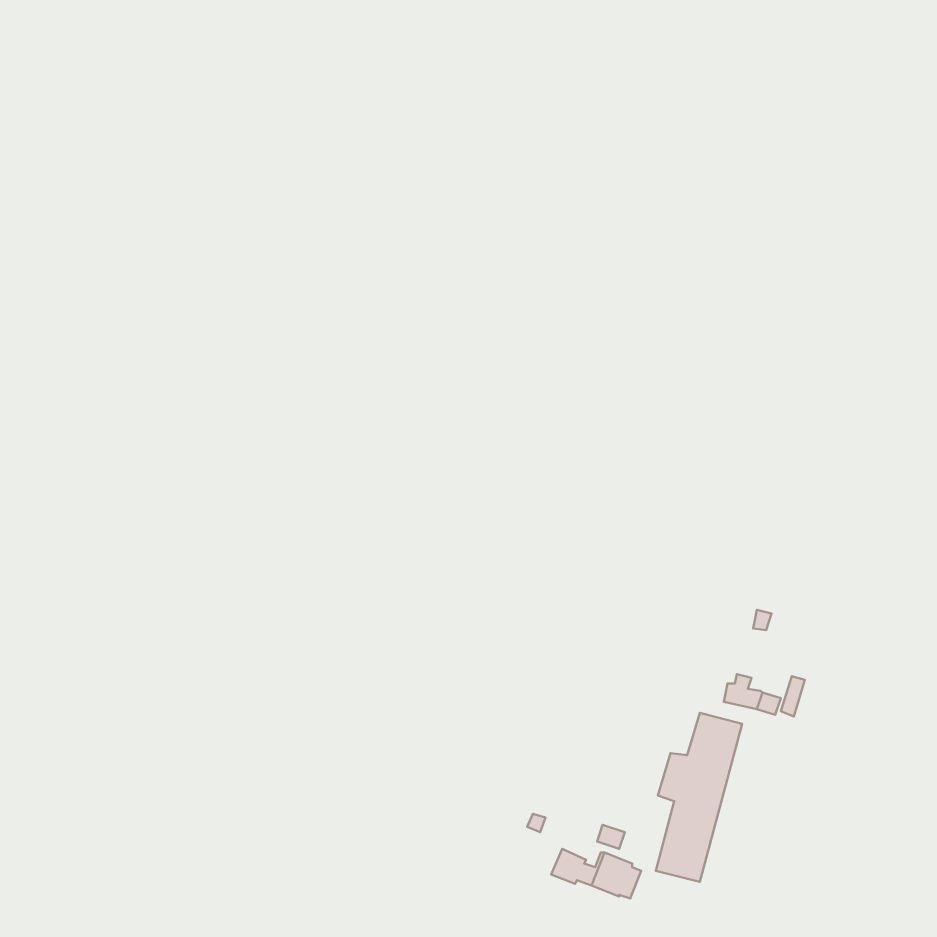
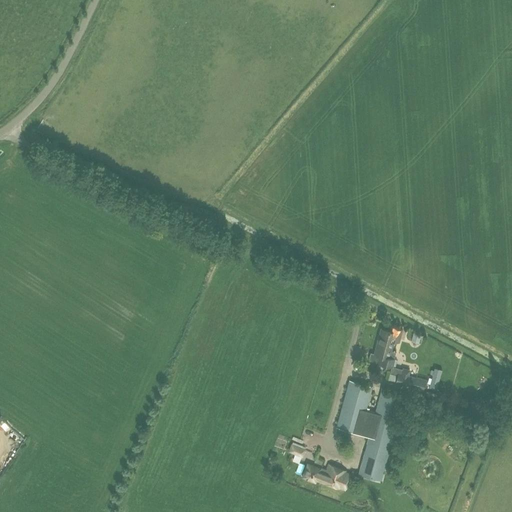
building: none -> [367,326,401,367]
building: none -> [336,381,371,434]

